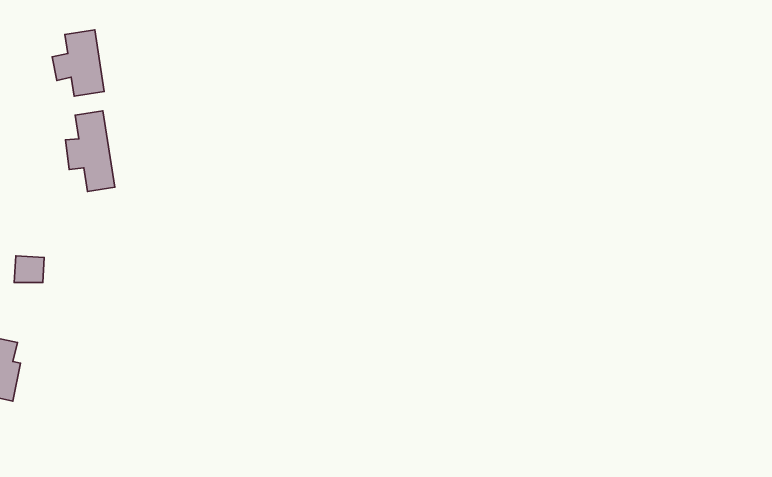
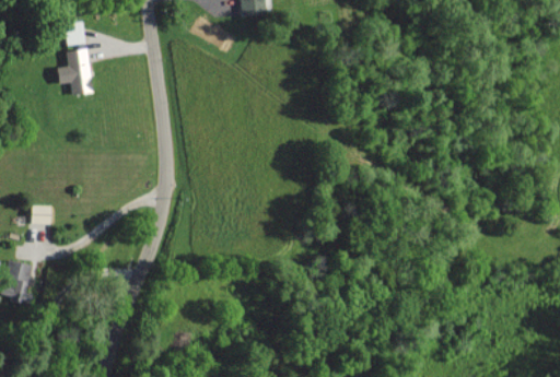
building: [66,111,115,191] -> none

